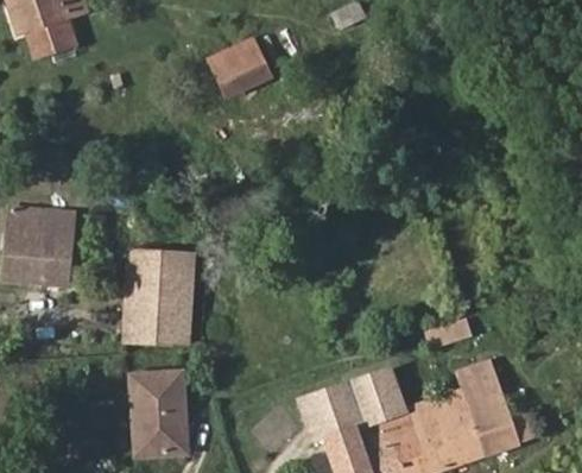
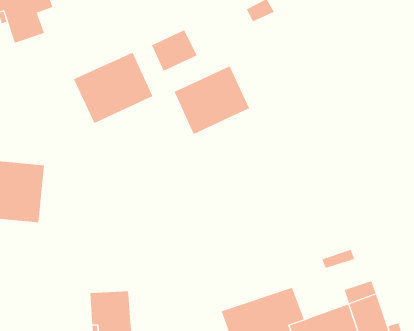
building: none -> [73,52,153,124]
building: none -> [174,65,250,135]
building: [125,253,191,341] -> none

